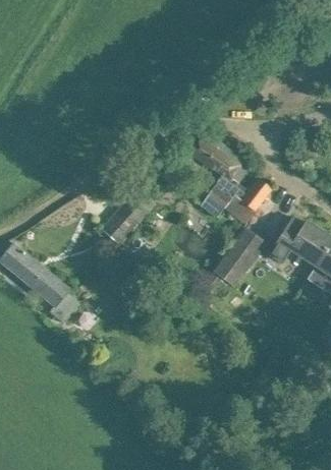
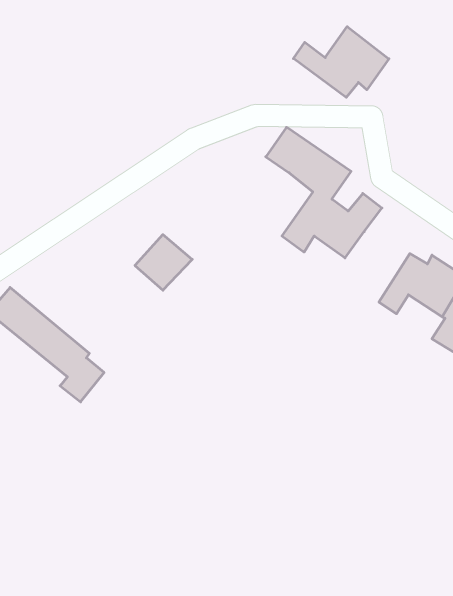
building: none -> [293,27,389,97]
building: [197,228,265,301] -> none

